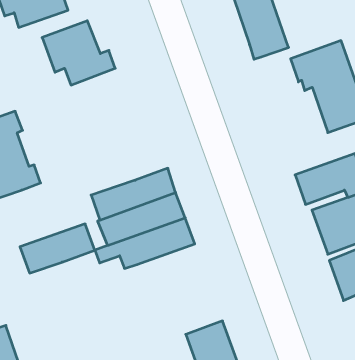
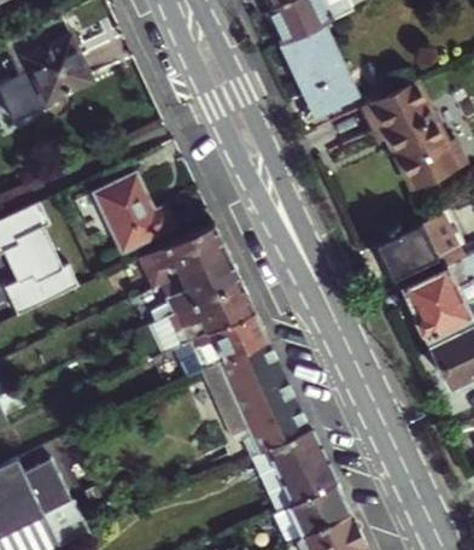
building: [42,21,115,85] -> [83,174,174,252]
building: [20,224,95,273] -> [137,223,227,288]
building: none -> [201,340,310,457]

